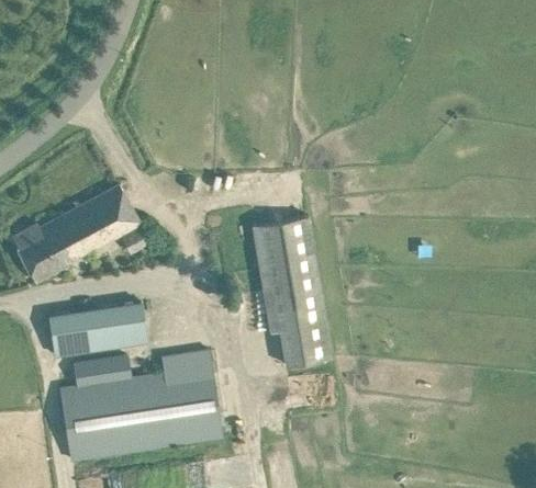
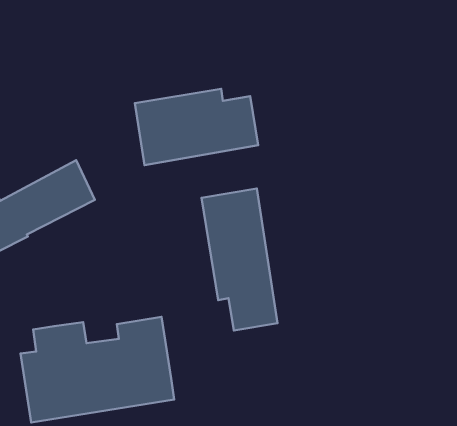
building: none -> [135,89,258,165]
building: [49,304,146,356] -> none

